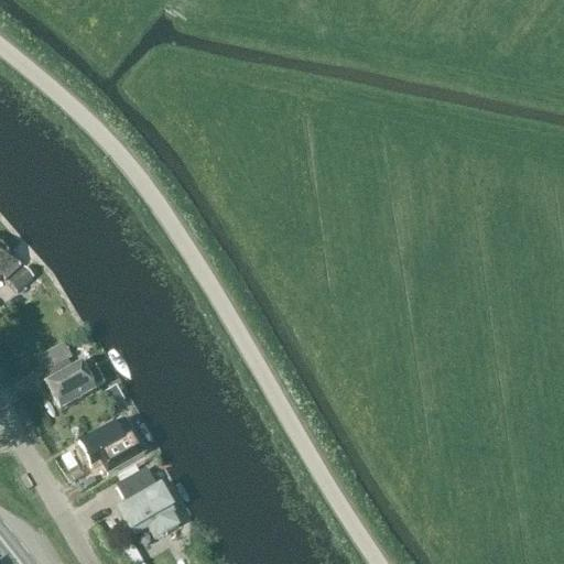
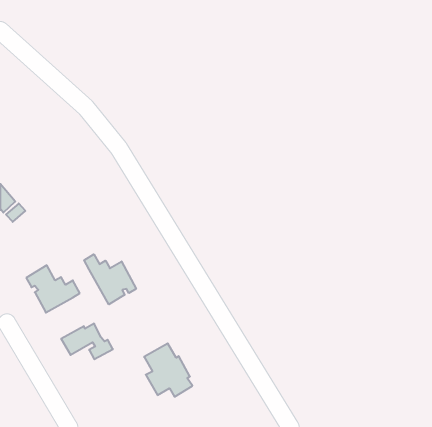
building: none -> [84,254,136,304]
building: [117,466,180,535] -> [144,343,192,397]

